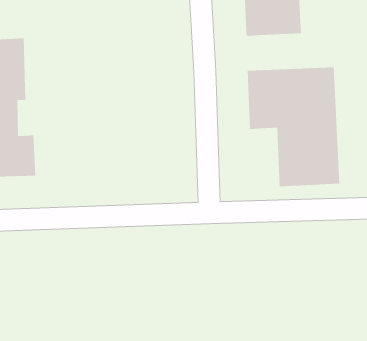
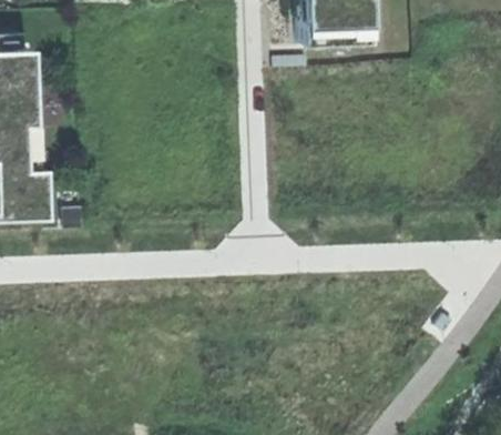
building: [247,67,340,187] -> none

